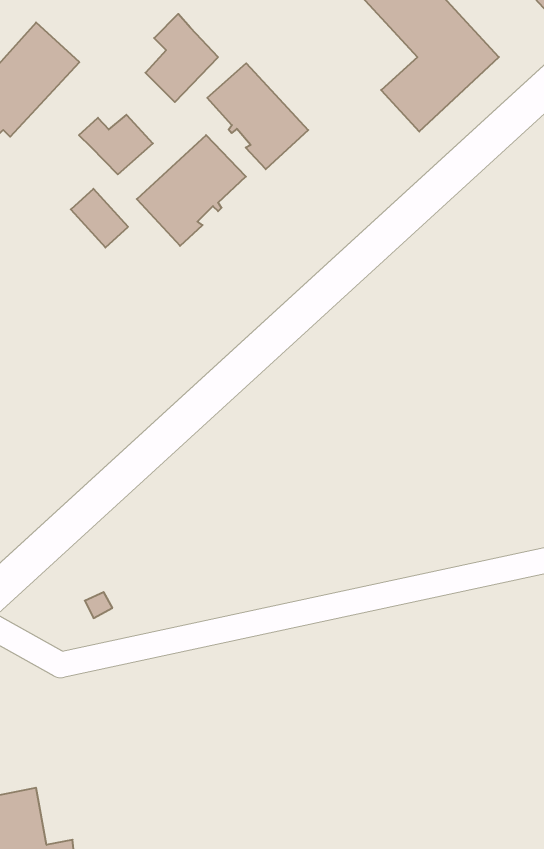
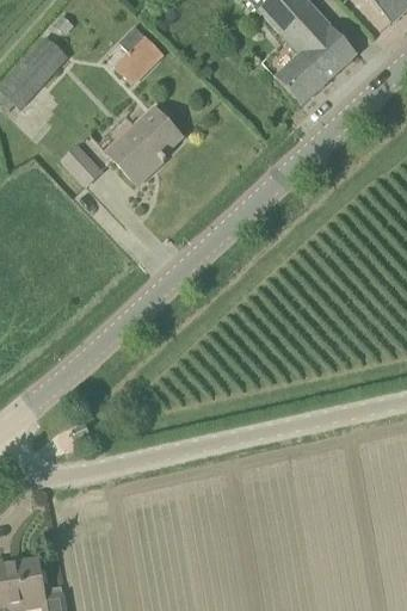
building: [207,63,308,169] -> none
building: [79,115,153,174] -> none

